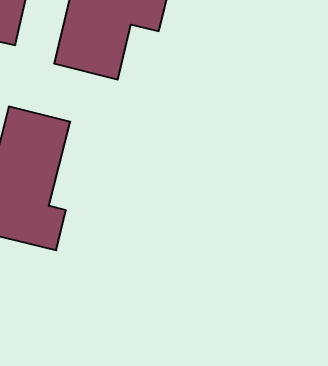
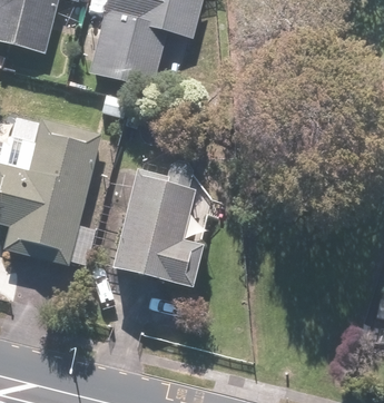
building: none -> [92,166,198,293]

